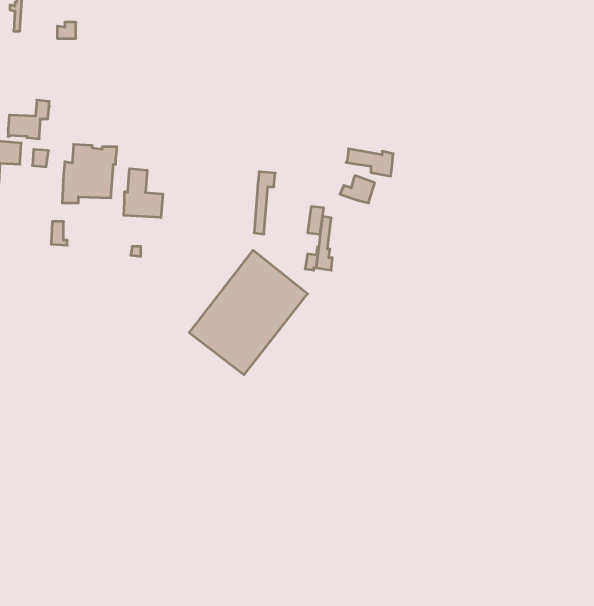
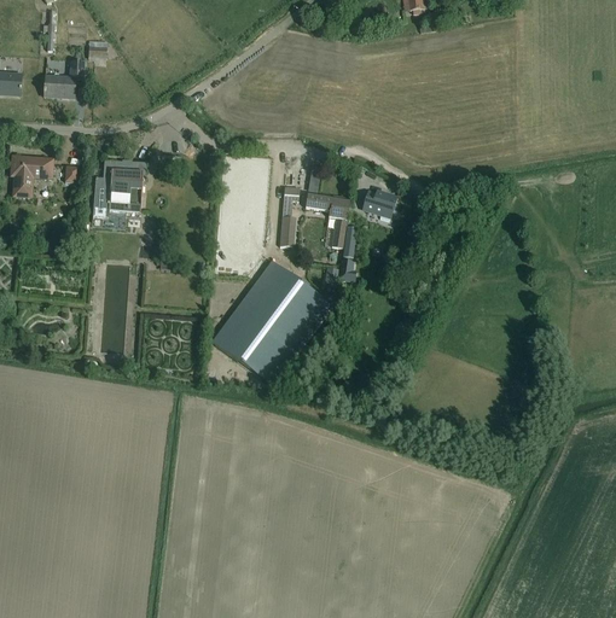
building: [8,100,49,139] -> [43,59,83,97]
building: [346,149,393,176] -> [304,192,350,218]
building: [124,169,163,218] -> none

